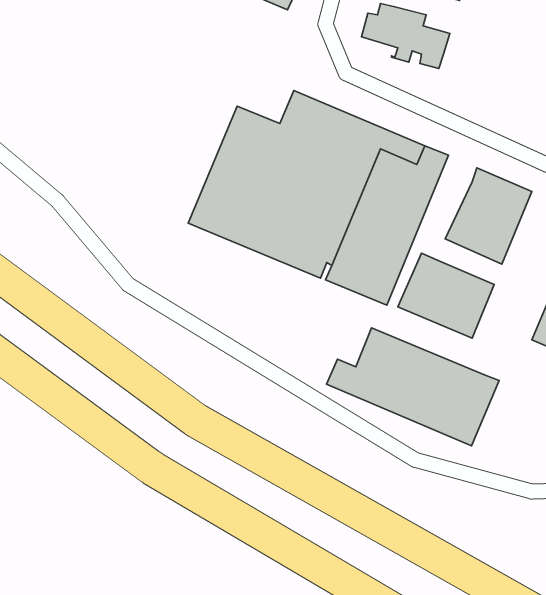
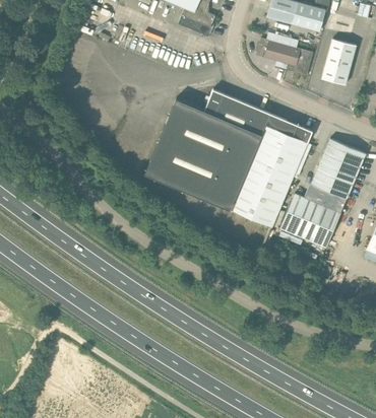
building: none -> [322,39,356,84]
building: none -> [304,184,347,213]
building: [327,328,499,446] -> none

